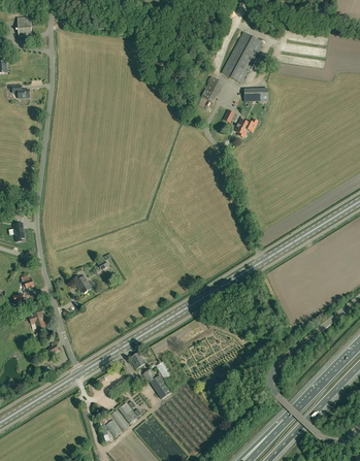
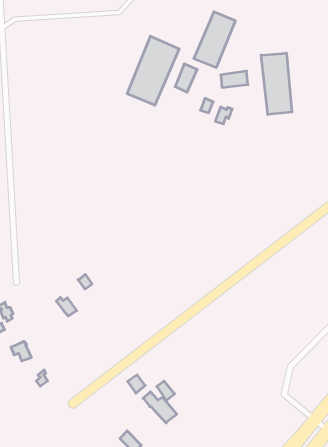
building: none -> [127,36,179,105]
building: none -> [261,53,292,115]

